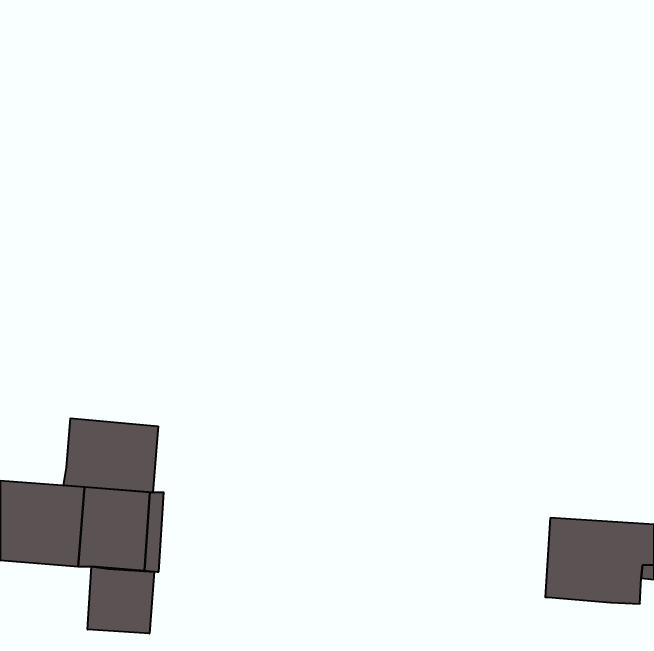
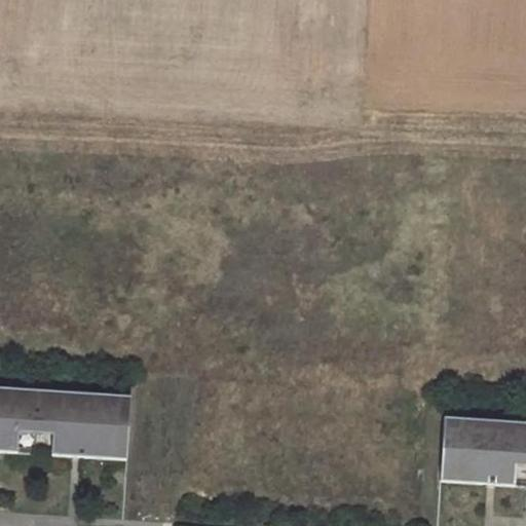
building: [64,418,158,492] -> none
building: [88,567,154,634] -> none

